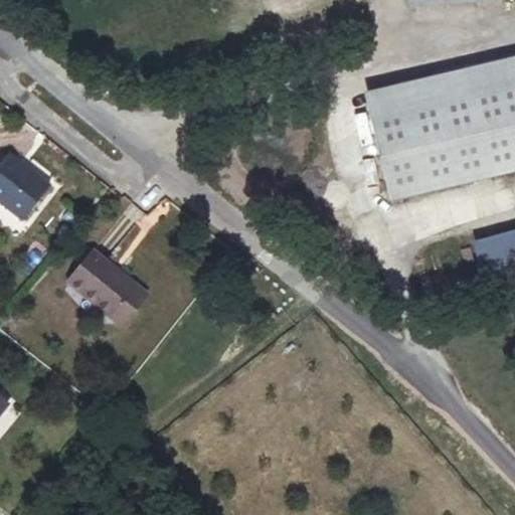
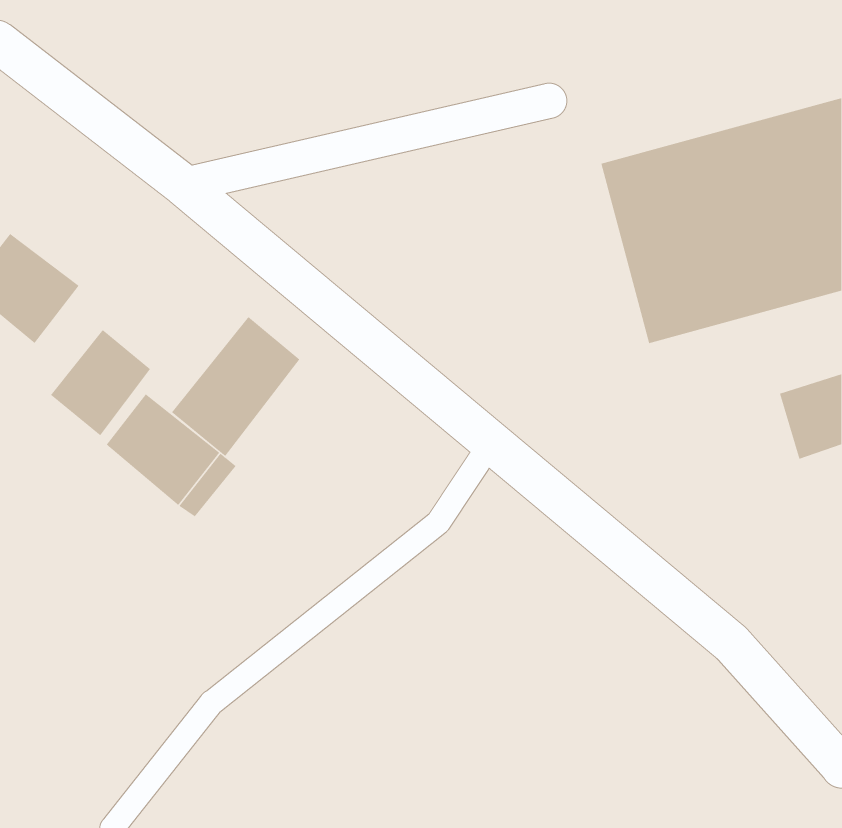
building: none -> [171,316,300,457]
building: none -> [50,329,151,436]

